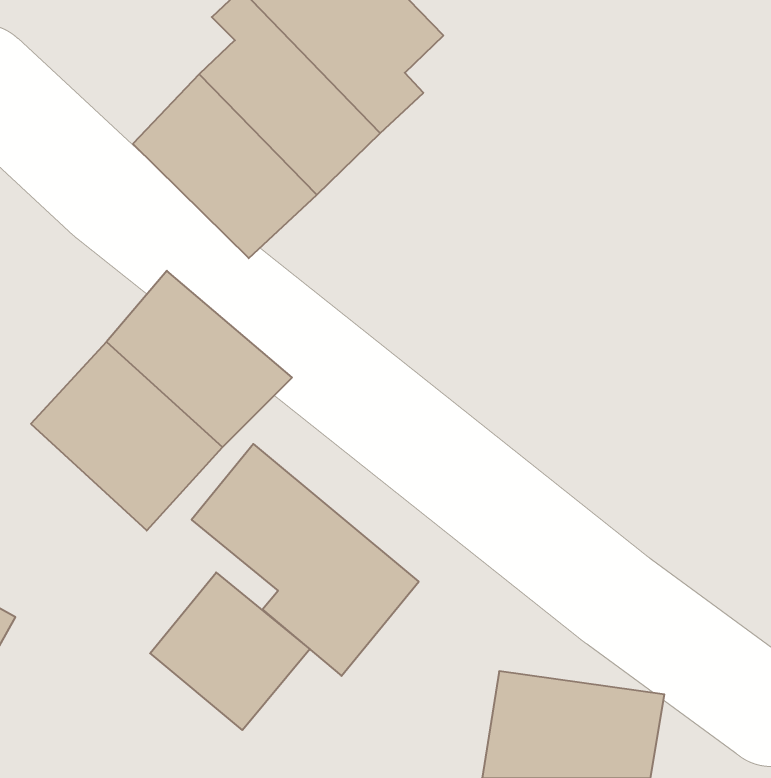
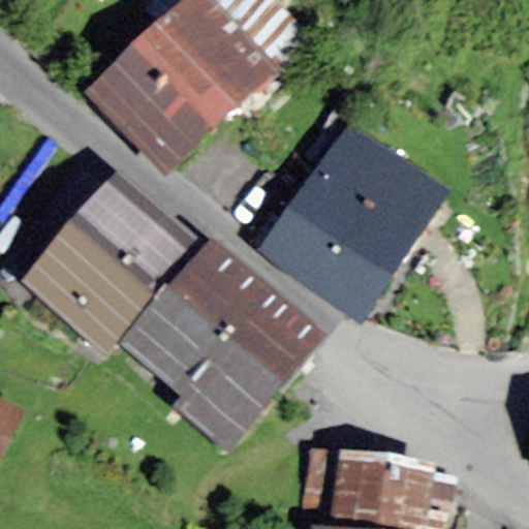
building: none -> [257,125,437,312]
building: none -> [169,251,321,388]
building: [150,572,310,730] -> none

